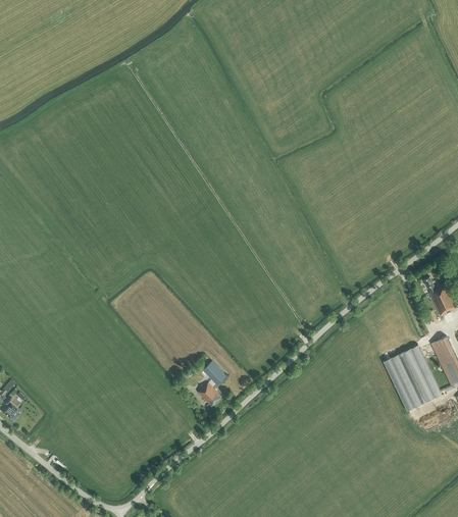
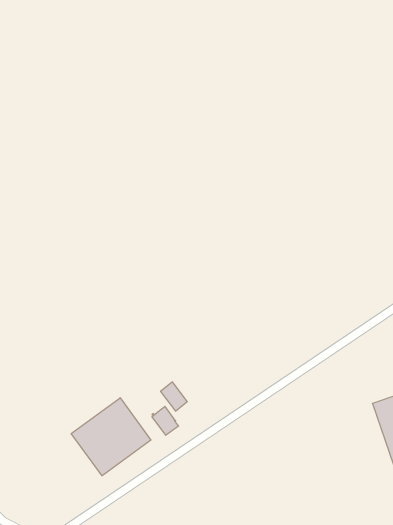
building: none -> [71,398,151,476]

